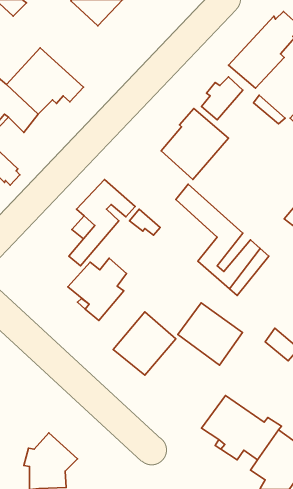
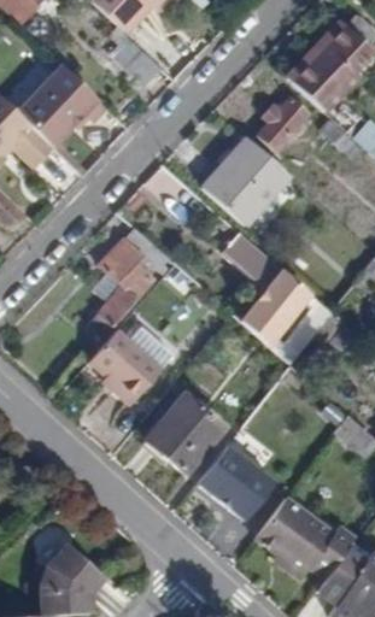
building: none -> [110,35,162,86]
building: [178,303,242,365] -> [193,442,274,521]

